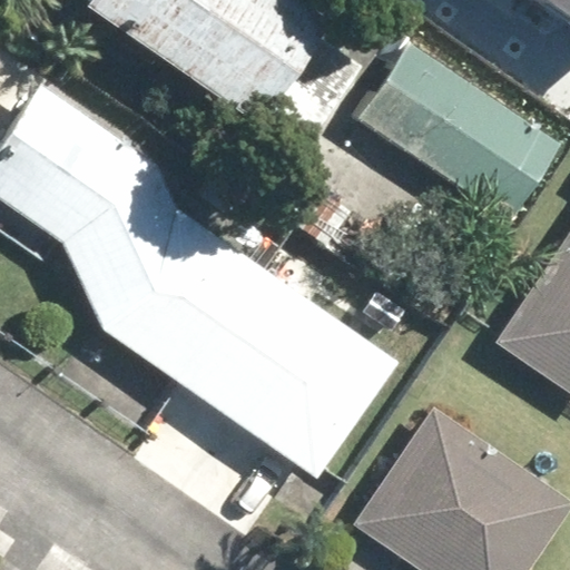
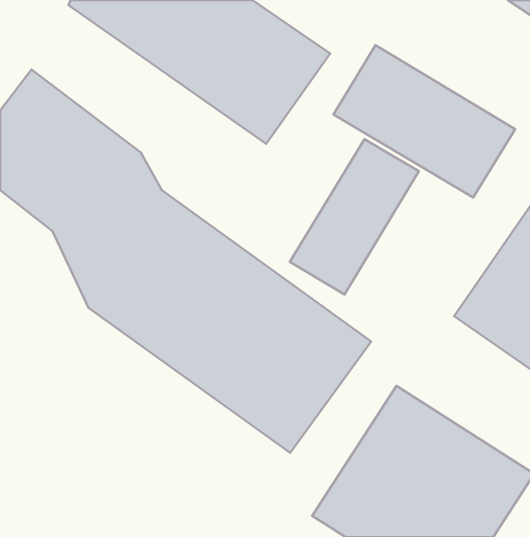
building: none -> [290,139,419,294]

